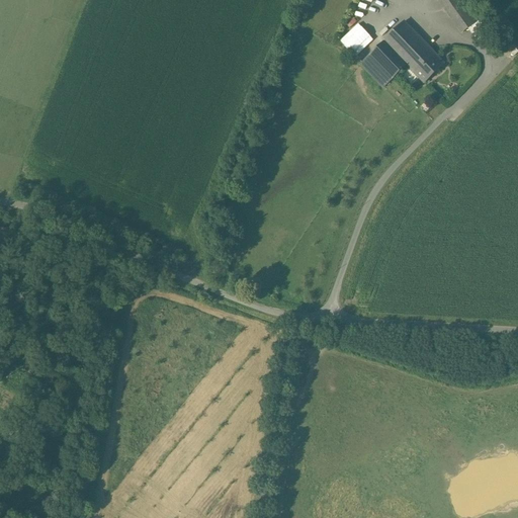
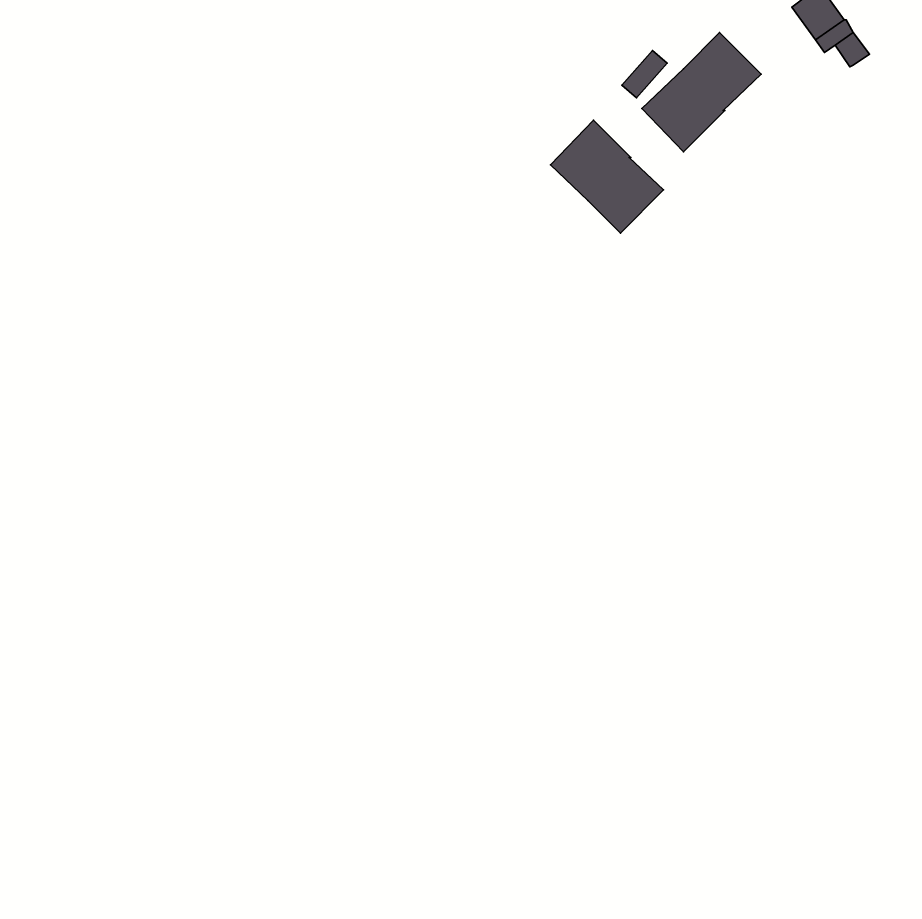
building: [405,41,443,80] -> none
building: none -> [550,120,663,233]

